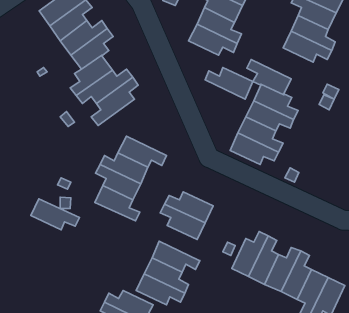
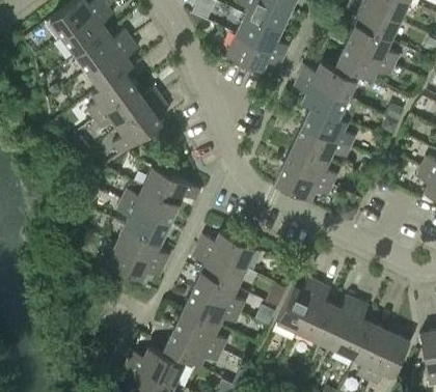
building: [205,67,253,99] -> [300,62,356,100]
building: [31,199,80,230] -> [107,245,164,281]
building: none -> [192,272,245,313]

